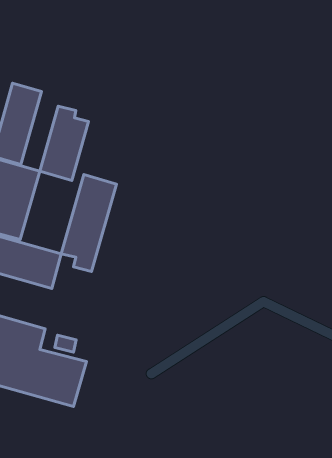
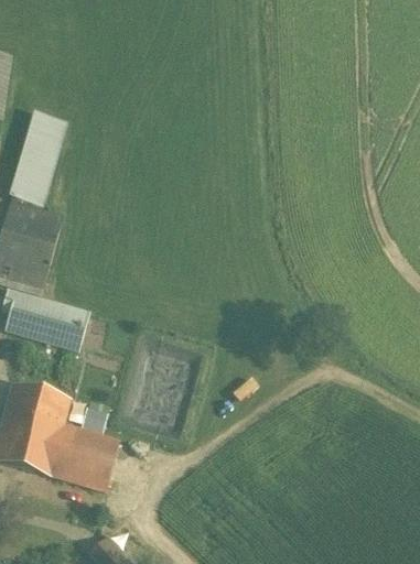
building: [40,106,89,181] -> none
building: [61,174,117,272] -> none

